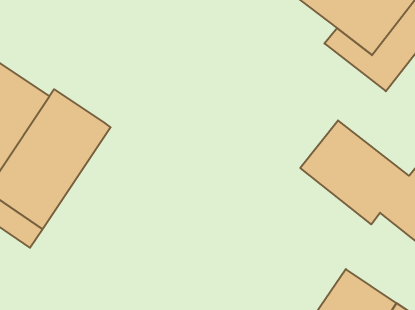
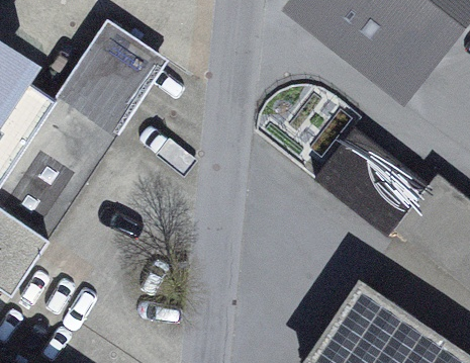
building: none -> [57,22,158,130]

